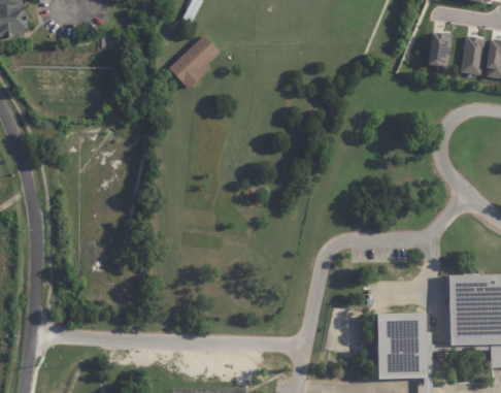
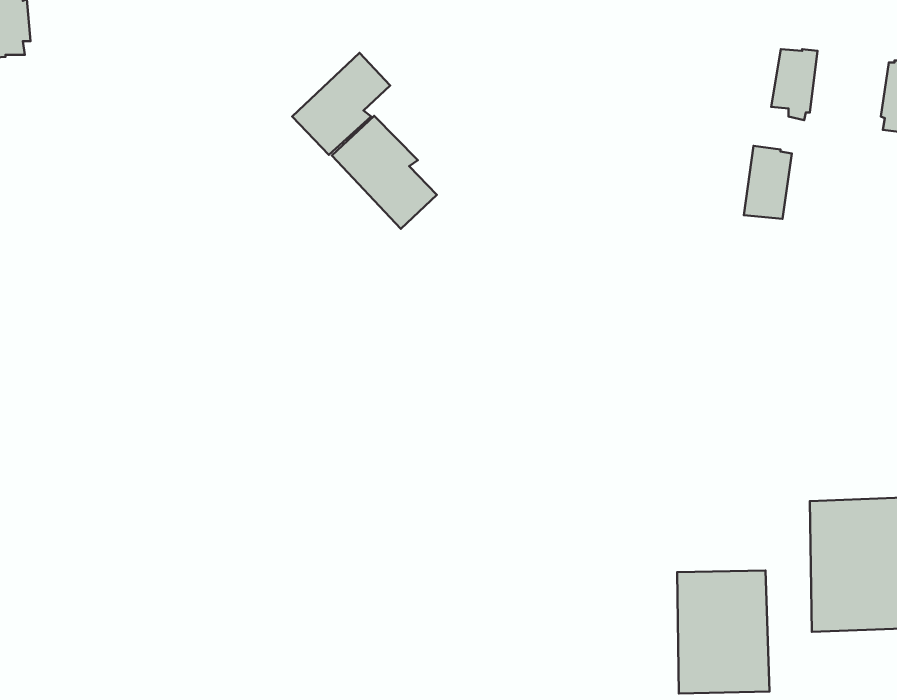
building: [460,36,486,75] -> [744,146,792,219]
building: none -> [332,116,437,229]

